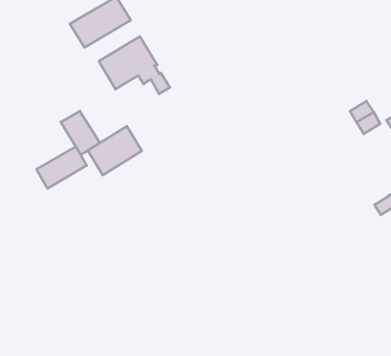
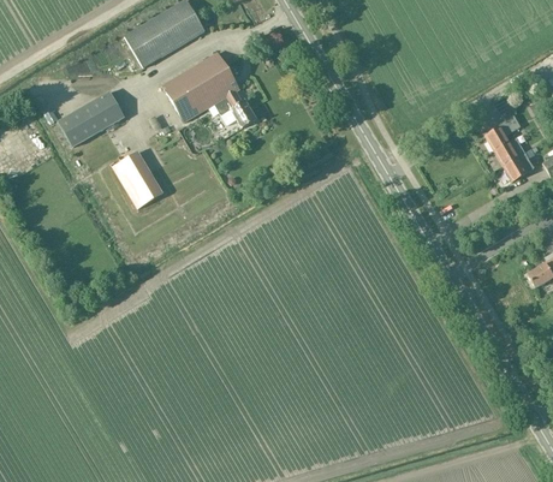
building: none -> [484,114,521,150]
building: [88,126,142,175] -> none
building: [37,147,87,188] -> [58,90,124,145]

